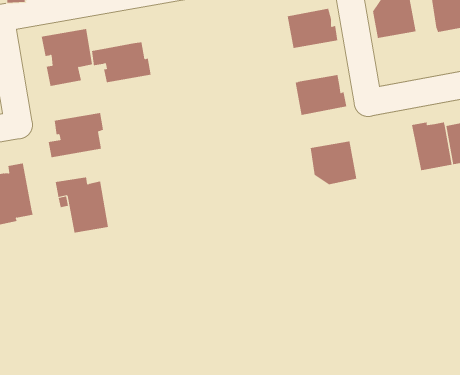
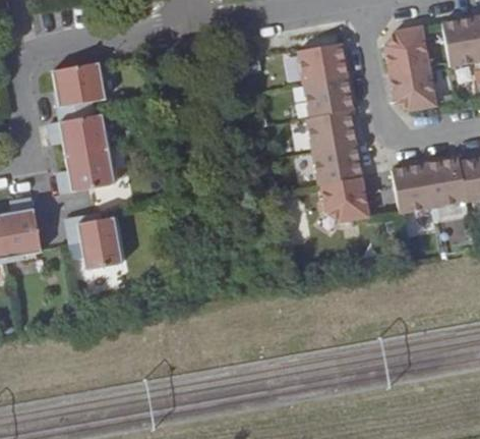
building: none -> [391,65,437,110]
building: none -> [305,74,354,116]
building: [91,42,151,83] -> [48,114,109,156]
building: none -> [313,142,363,183]
building: none -> [393,160,434,212]

